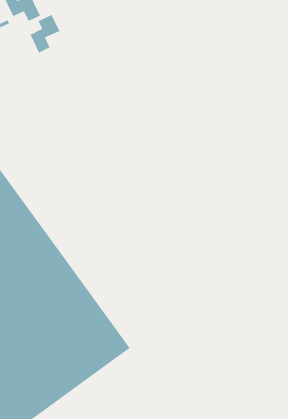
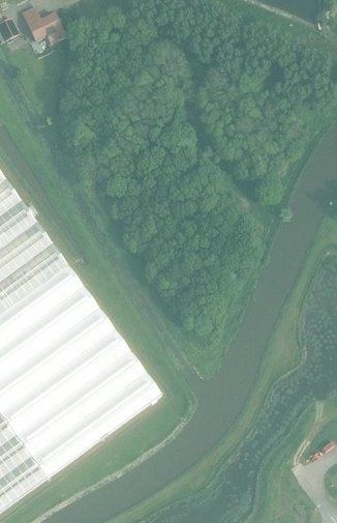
building: [30,14,60,53] -> none

